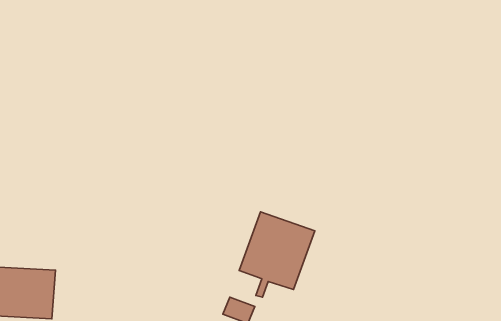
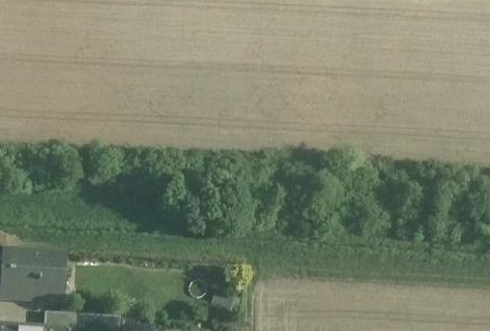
building: [239,212,315,297] -> none

